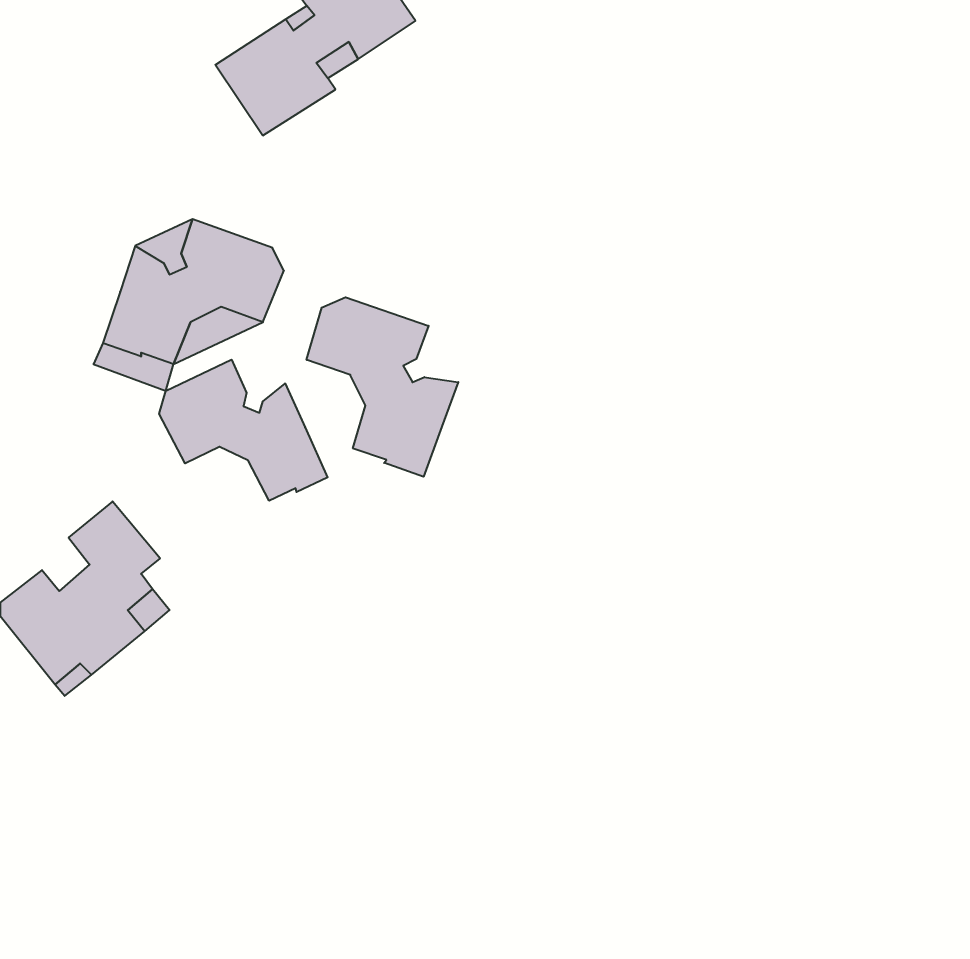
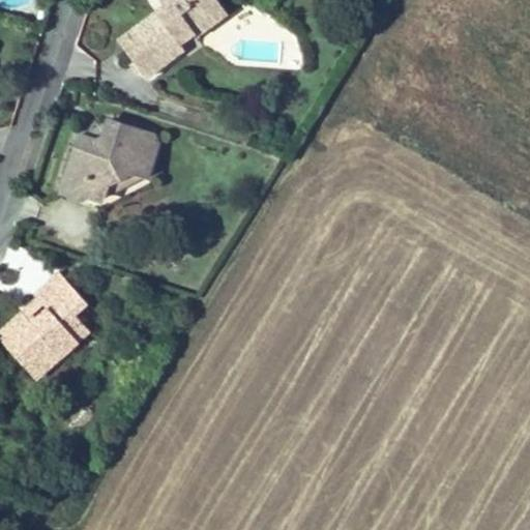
building: [307,297,458,477] -> none
building: [159,360,328,501] -> none

